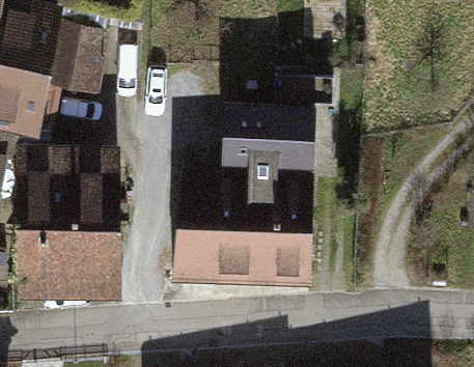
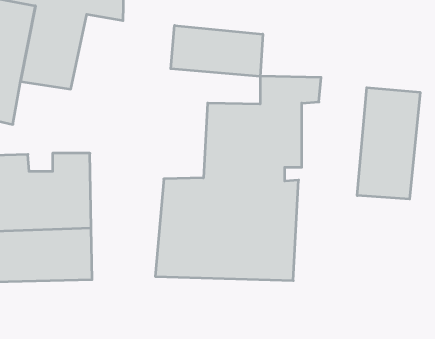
building: none -> [171,25,263,77]
building: none -> [357,88,420,199]

